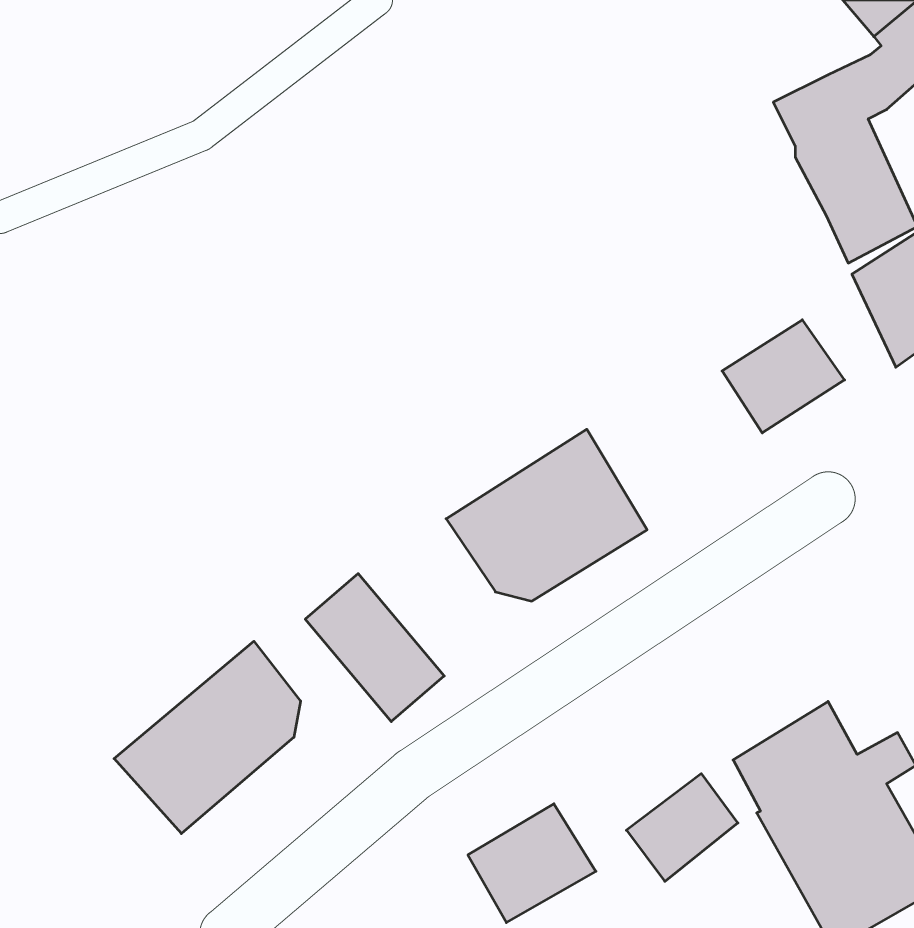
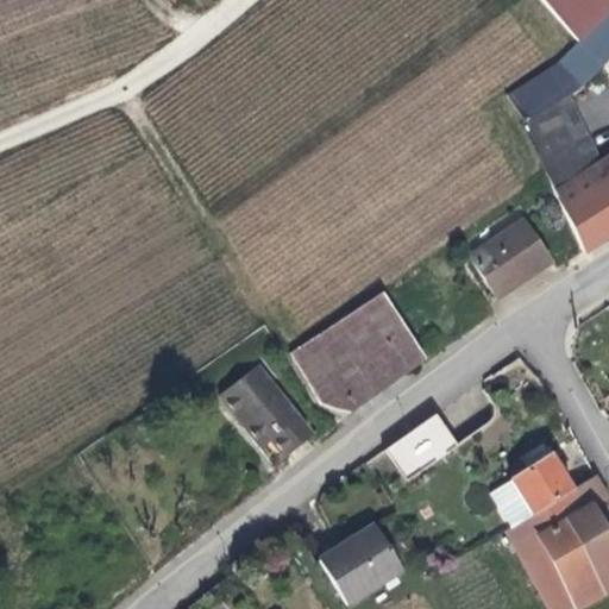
building: [114,641,301,834] -> none
building: [626,774,738,881] -> [387,415,459,485]

